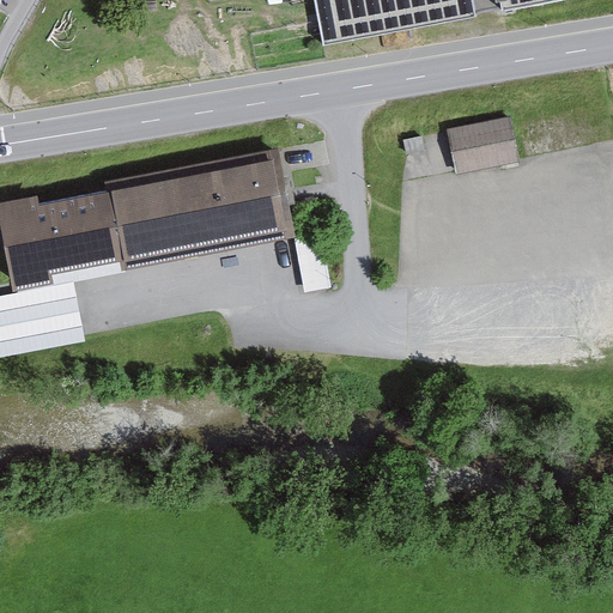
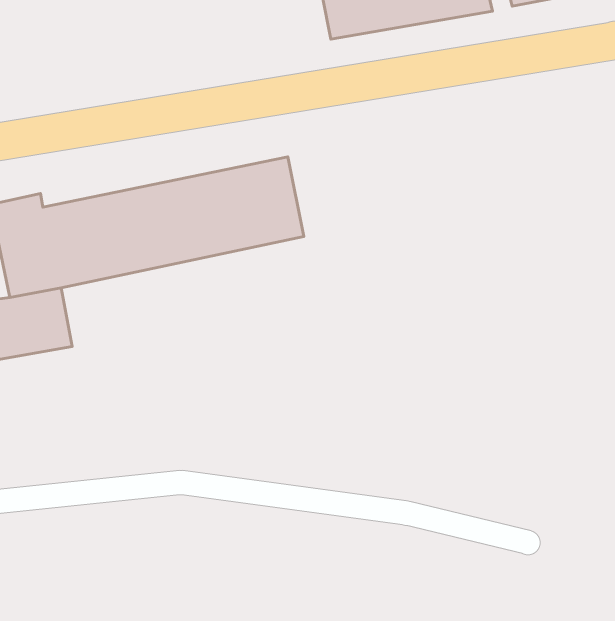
building: [444,115,515,170] -> none

